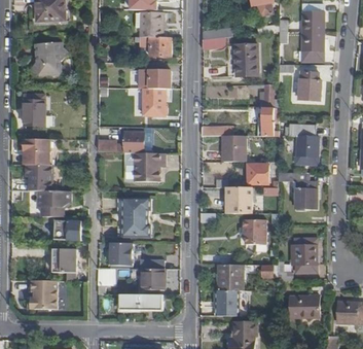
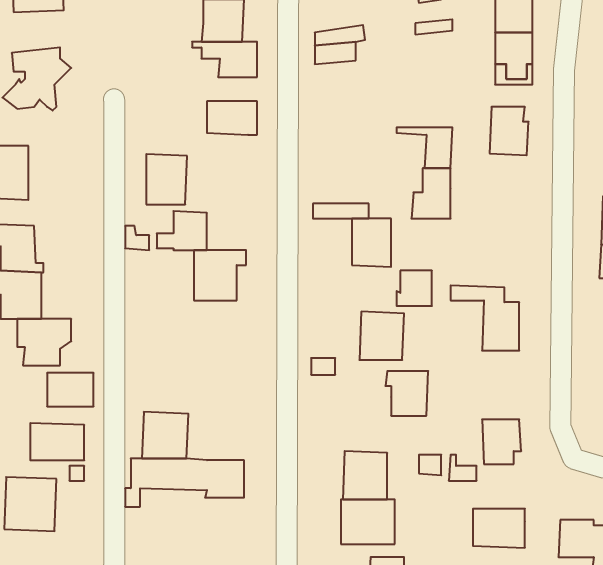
building: [234,44,257,75] -> none
building: [142,88,165,115] -> [146,154,187,204]
building: [289,125,318,165] -> none
building: [121,198,149,237] -> none
building: [120,294,161,309] -> none

